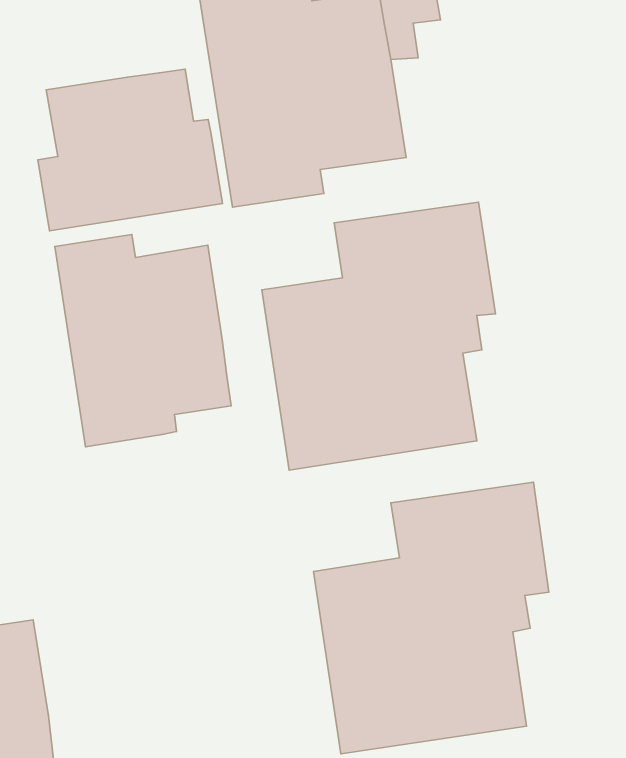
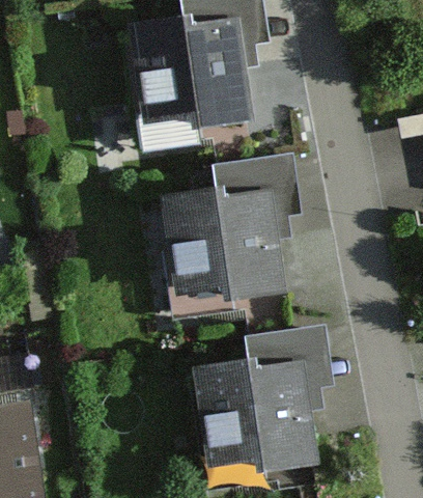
building: [38,69,223,231] -> none
building: [55,234,231,447] -> none

